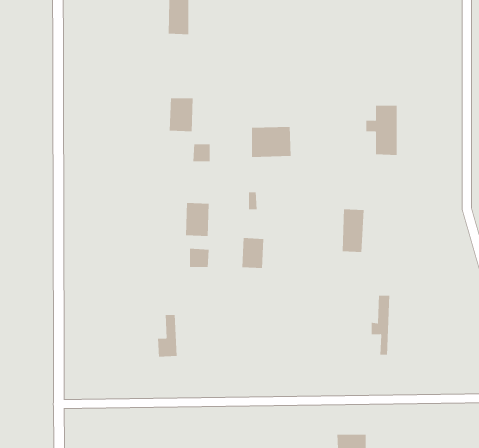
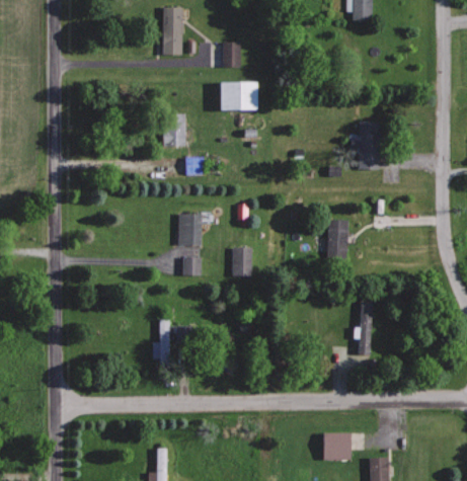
building: none -> [223,43,241,68]
building: [251,126,292,157] -> [219,81,257,110]

